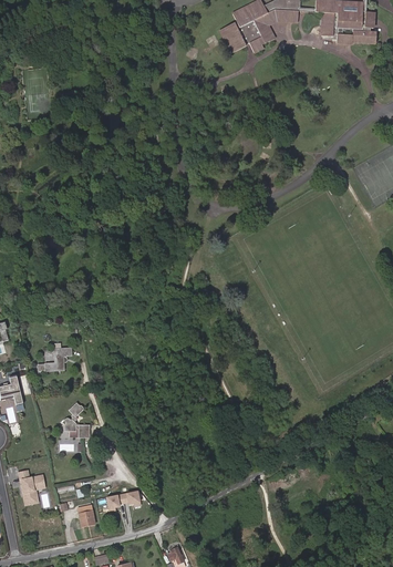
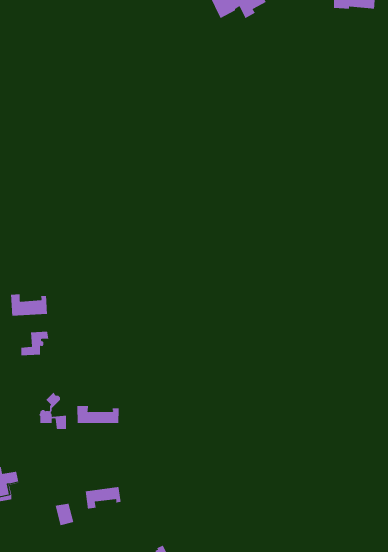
building: none -> [10,294,47,317]
building: none -> [77,405,119,424]

